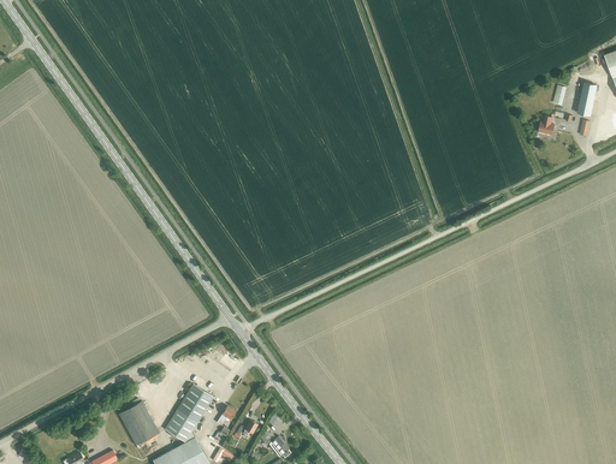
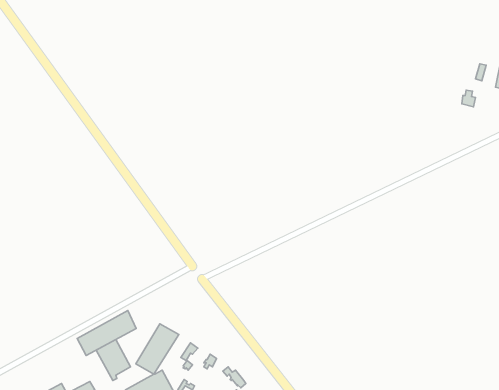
building: none -> [77,310,136,355]

